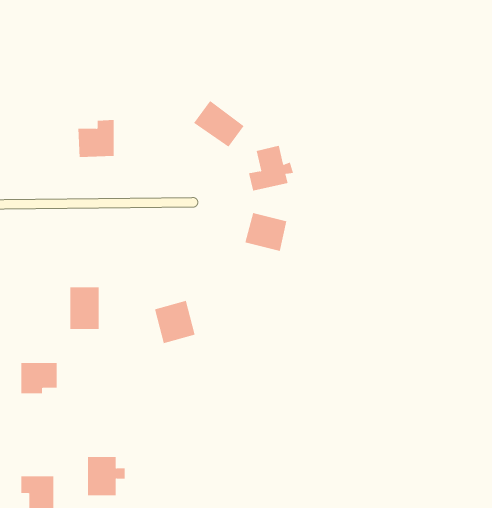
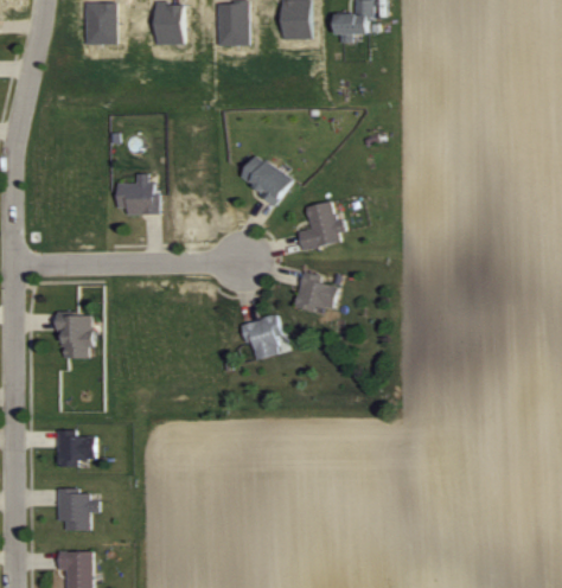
building: [69,287,100,329] -> [58,313,90,358]
building: [154,300,196,344] -> [241,314,285,360]
building: [87,457,125,496] -> [57,488,97,530]

